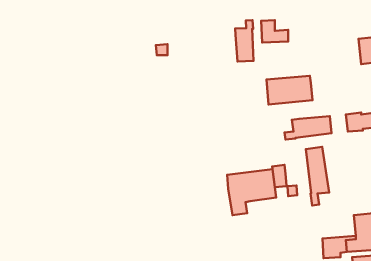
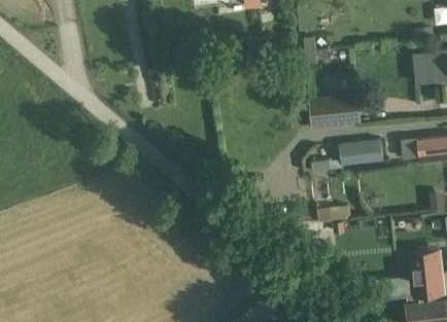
building: [235,20,253,62] -> none
building: [306,147,329,205] -> none
building: [227,169,276,215] -> none

